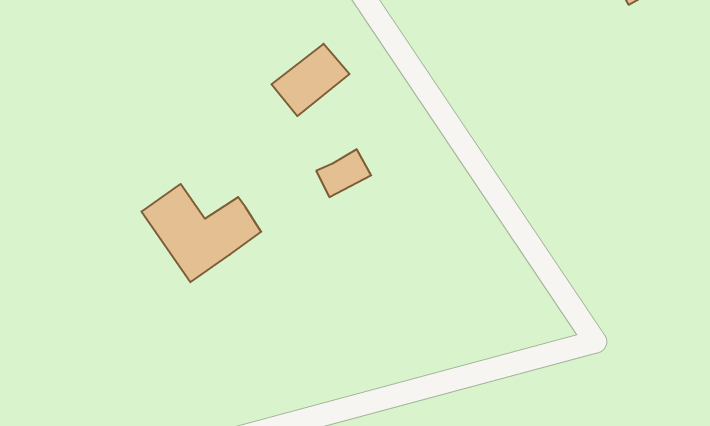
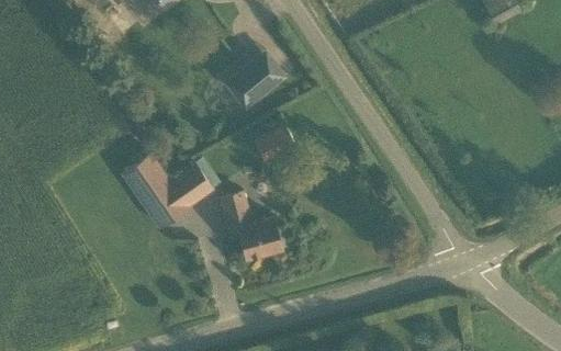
building: none -> [224,193,283,259]

